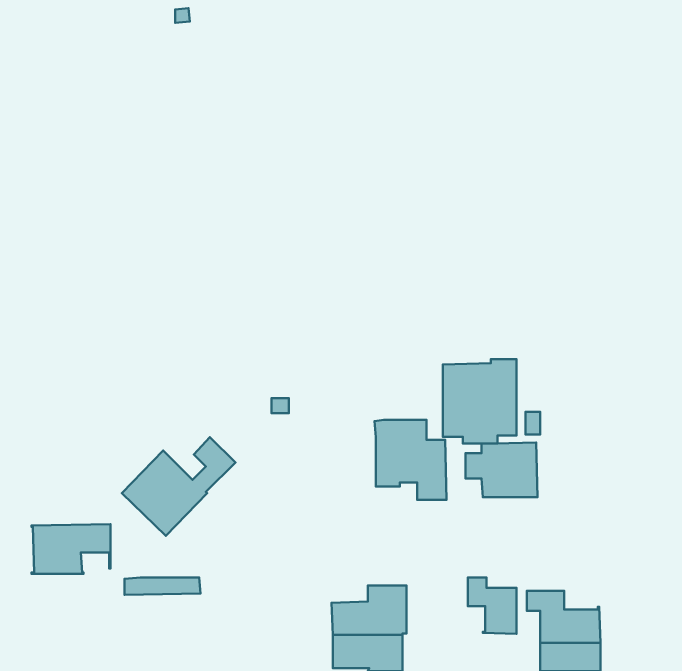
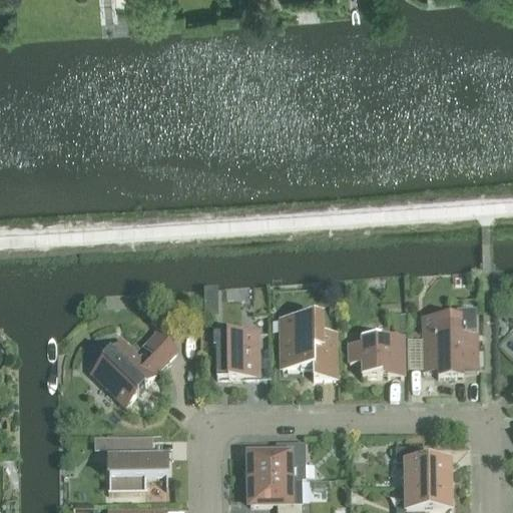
building: [443,359,516,443] -> [422,310,477,373]
building: none -> [215,329,259,374]
building: [31,524,110,574] -> [107,452,166,489]
building: [468,577,517,634] -> none

